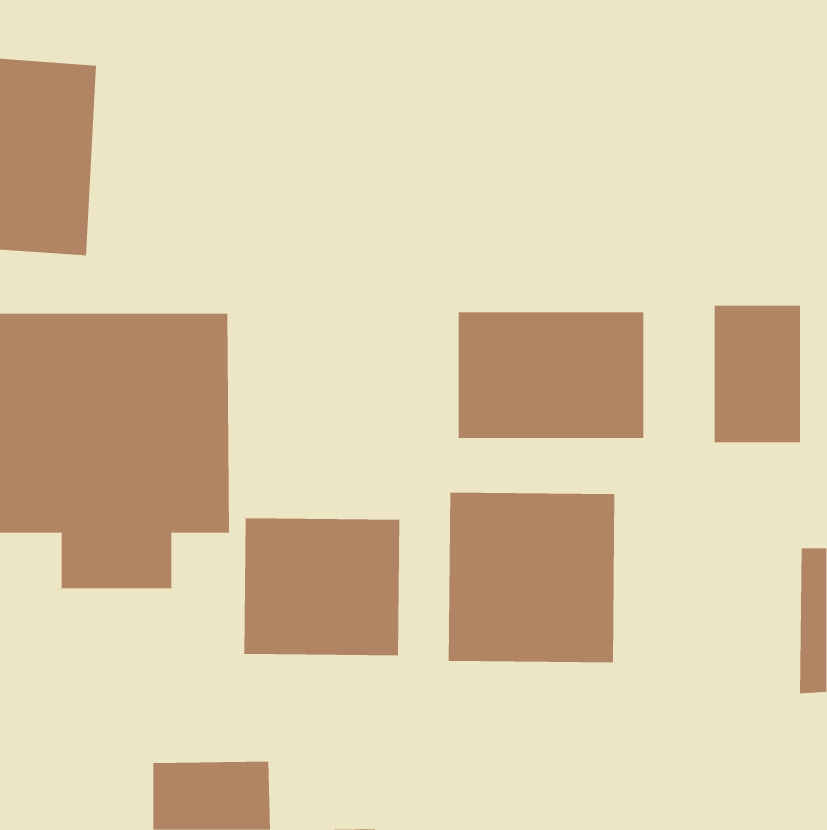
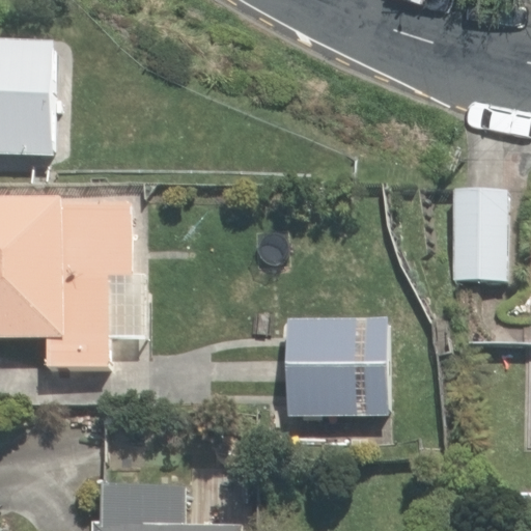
building: [458,312,644,439] -> none
building: [244,518,400,656] -> none

